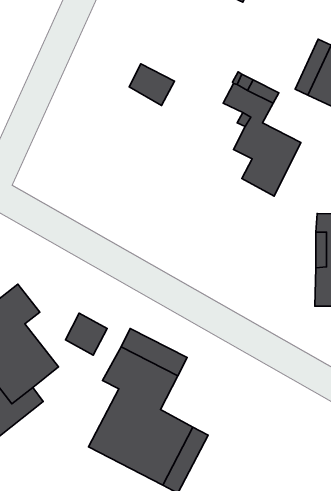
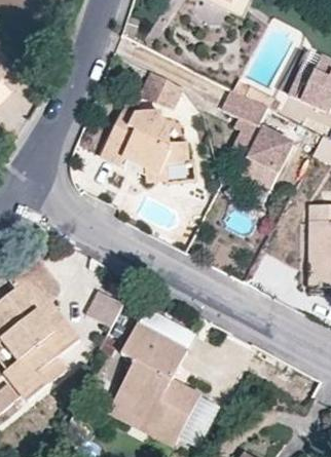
building: none -> [100,104,187,180]

